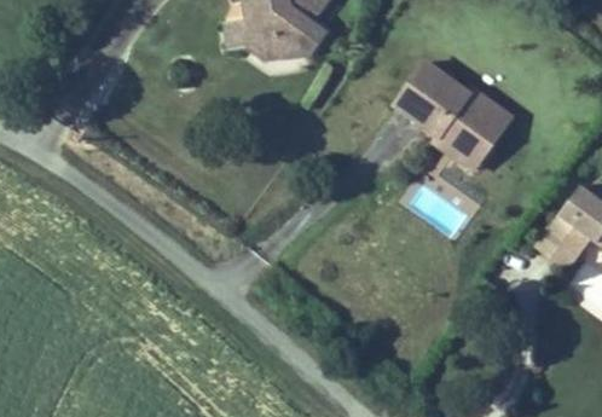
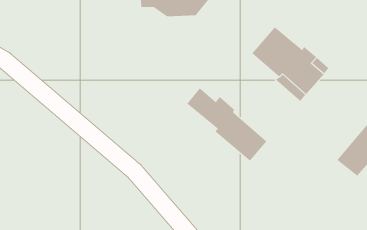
building: none -> [187,87,267,162]

